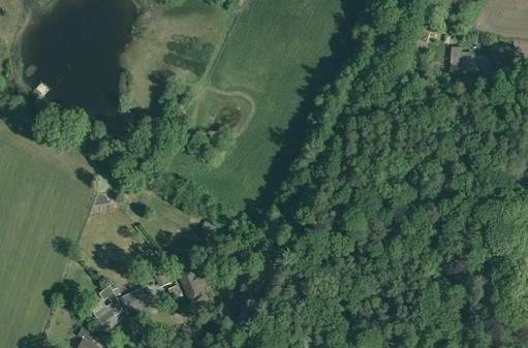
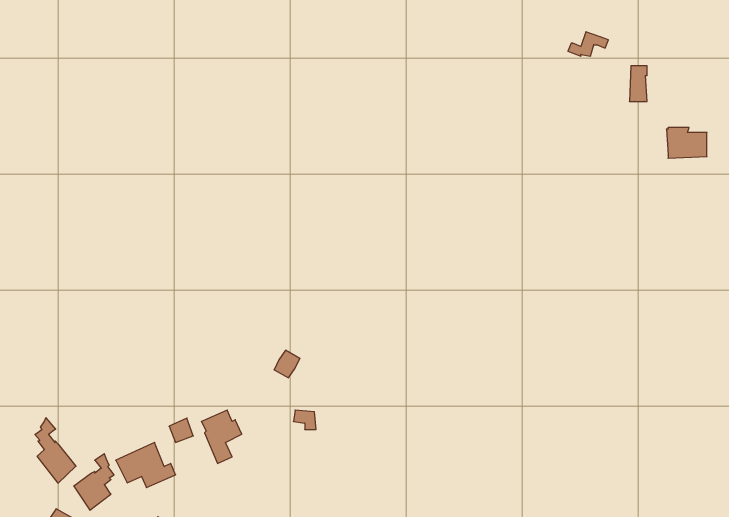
building: [460,52,486,71] -> [666,128,707,158]
building: none -> [35,418,76,483]

